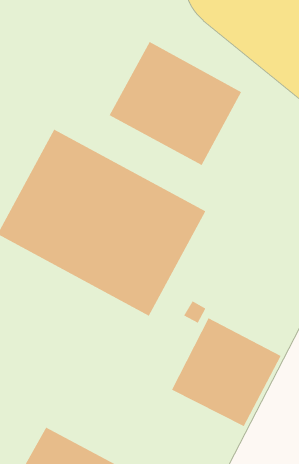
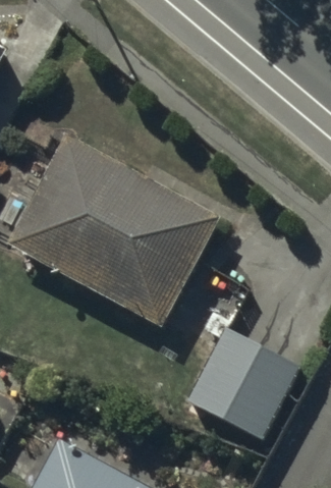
building: [109,41,242,166] -> none

